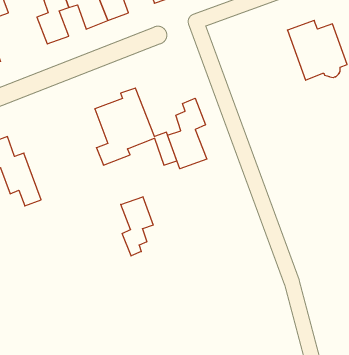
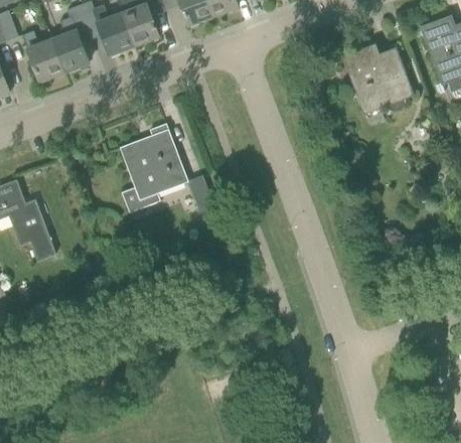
building: none -> [22,30,63,81]
building: [168,98,207,169] -> none
building: [121,197,153,256] -> none

